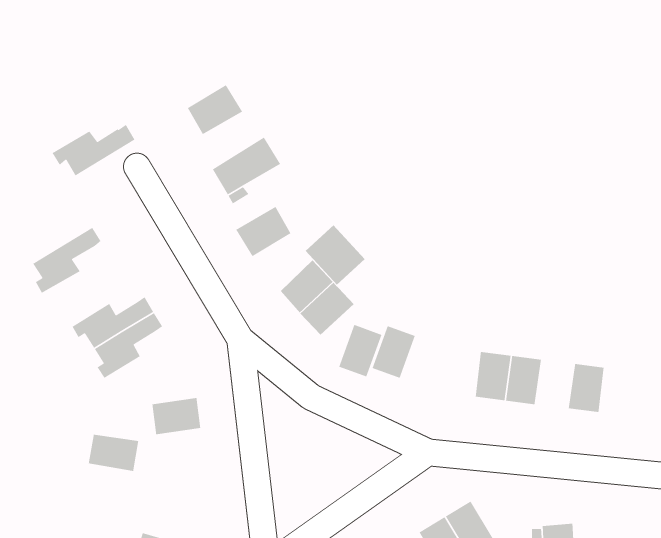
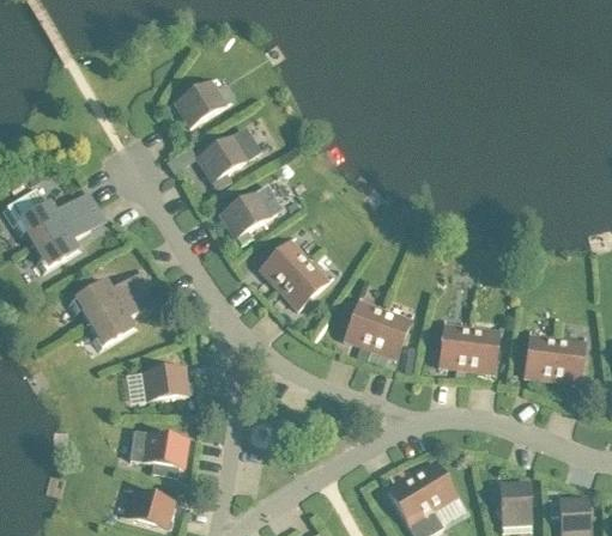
building: [52,124,135,176] -> [12,195,89,243]
building: [305,224,365,285] -> none
building: [338,324,383,378] -> [370,309,411,358]
building: none -> [552,337,584,383]
building: [88,434,139,472] -> [141,432,188,467]

